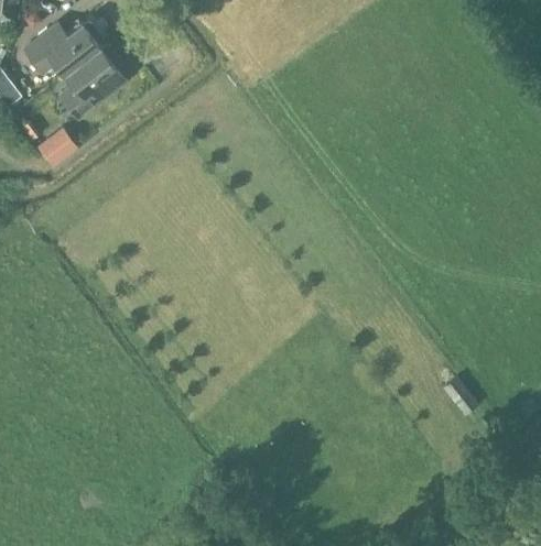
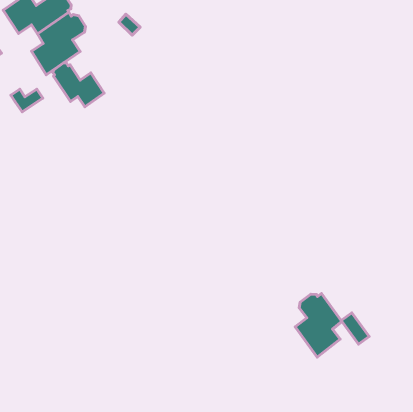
building: none -> [53,63,104,107]
building: none -> [295,294,342,357]

